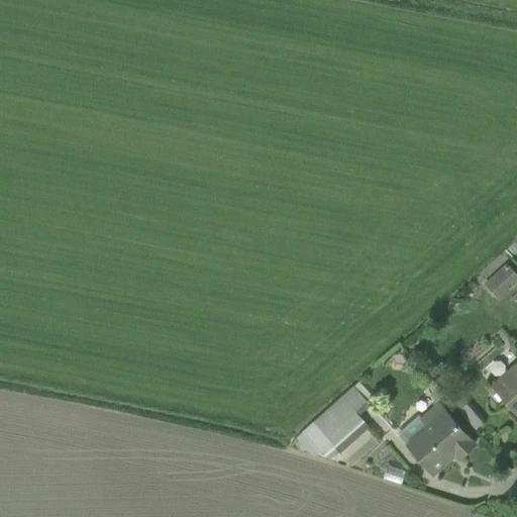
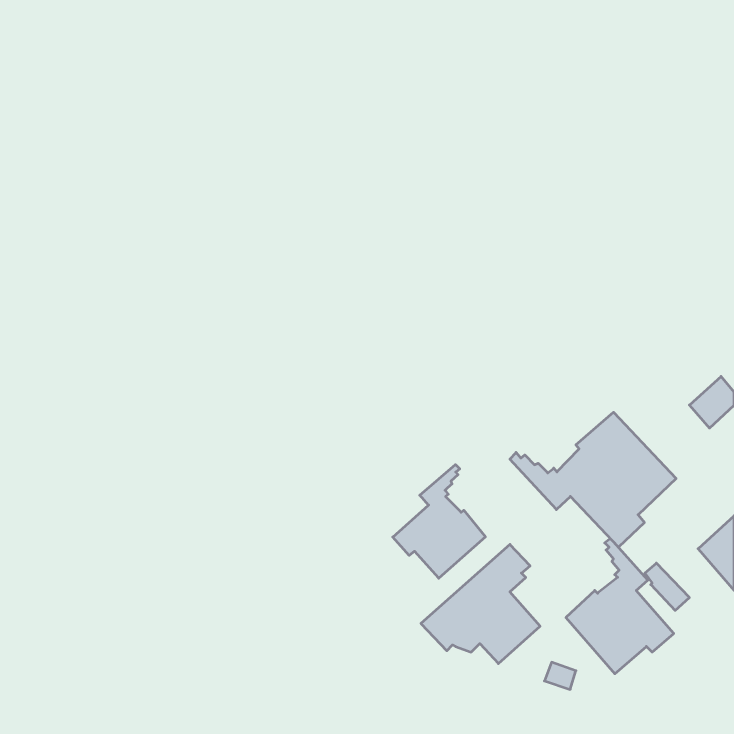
building: none -> [510,412,676,547]
building: none -> [393,465,485,578]

